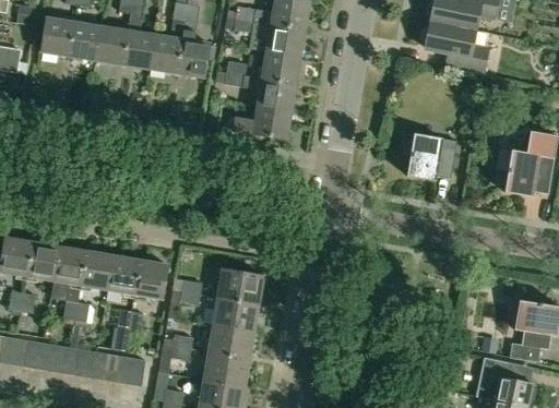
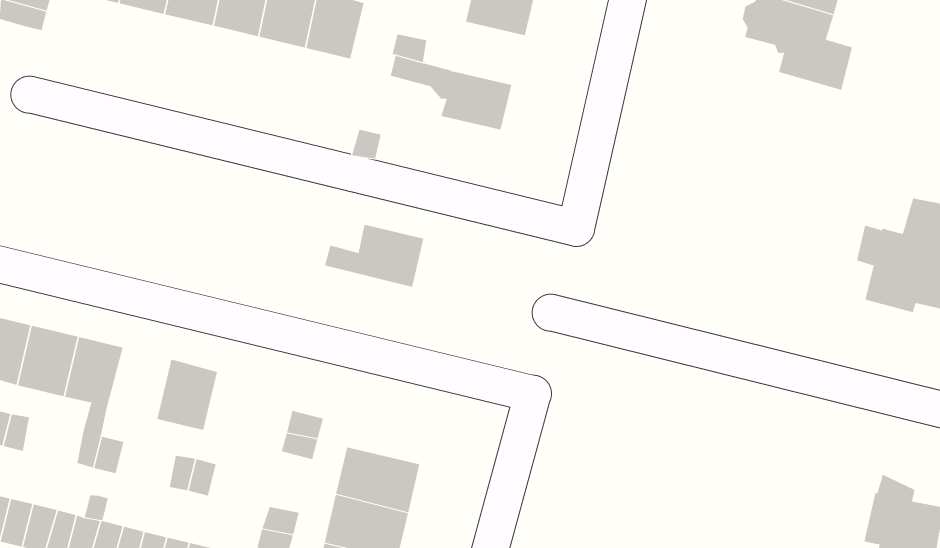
building: [260,50,300,84] -> none
building: [235,105,290,139] -> [324,224,424,287]
building: [402,132,455,180] -> none
building: [79,250,112,289] -> none
building: [134,260,167,298] -> none
building: [216,268,263,303] -> none

